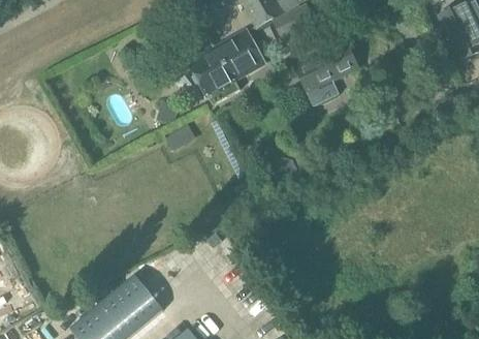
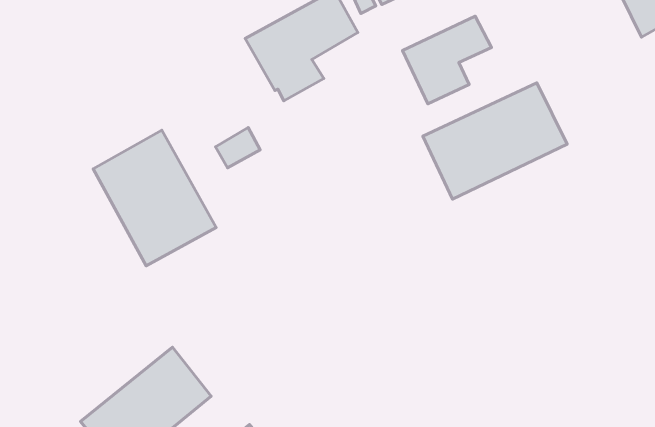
building: none -> [423,83,567,199]
building: none -> [93,130,216,266]

